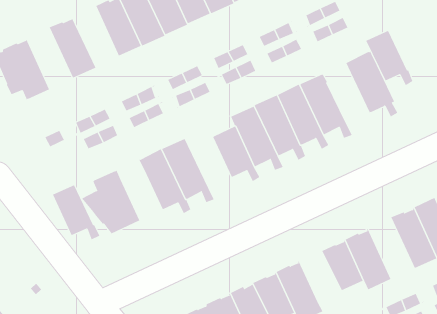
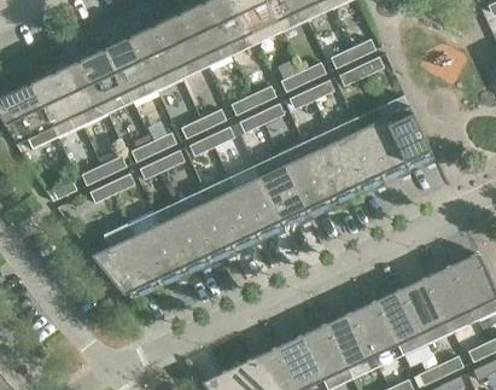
building: none -> [81,47,132,115]
building: none -> [31,70,82,138]
building: [365,30,413,86] -> [357,120,409,180]
building: none -> [203,177,259,250]
building: [52,185,100,240] -> [134,225,186,285]
building: none -> [402,277,453,344]
building: none -> [327,313,373,368]

